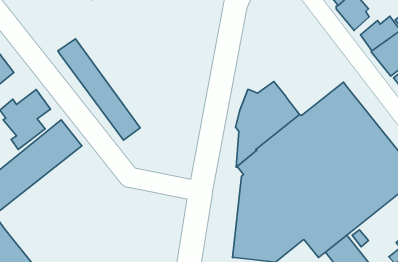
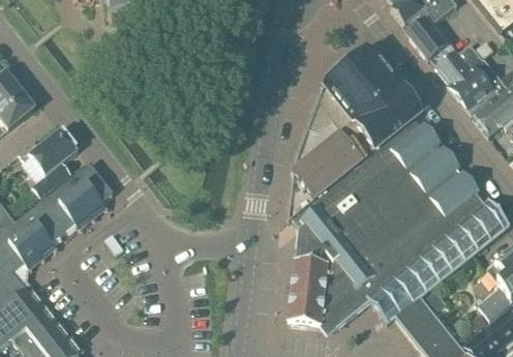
building: none -> [307,46,424,157]
building: [58,39,140,140] -> none

